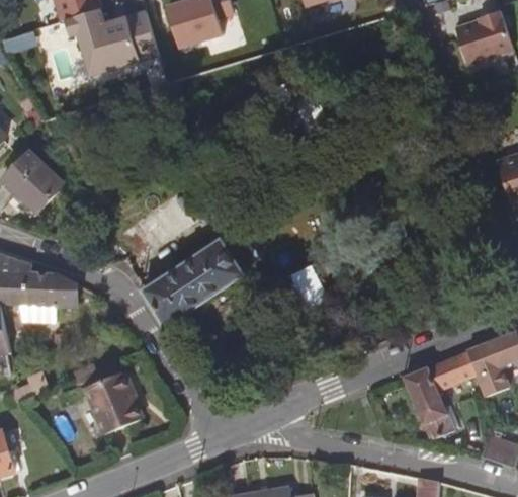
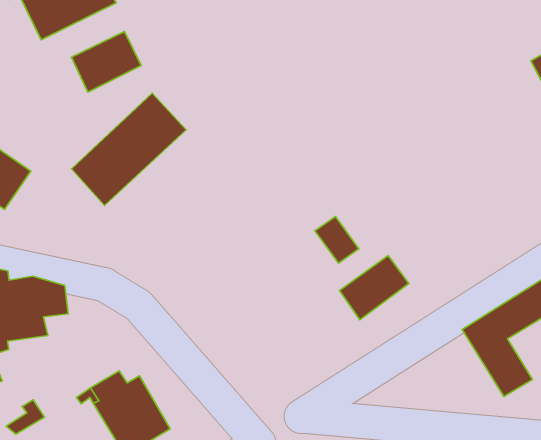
building: none -> [71,32,141,92]
building: [143,239,244,326] -> [72,93,186,206]
building: none -> [339,255,409,320]

